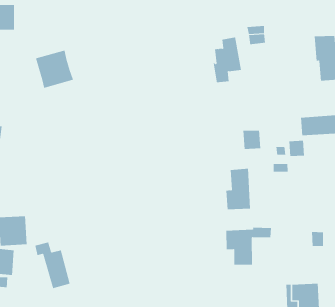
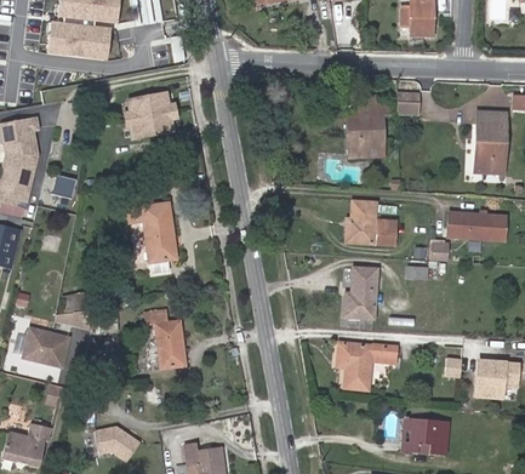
building: none -> [346,200,376,244]
building: none -> [137,202,177,261]
building: [35,242,70,289] -> [147,308,186,367]

